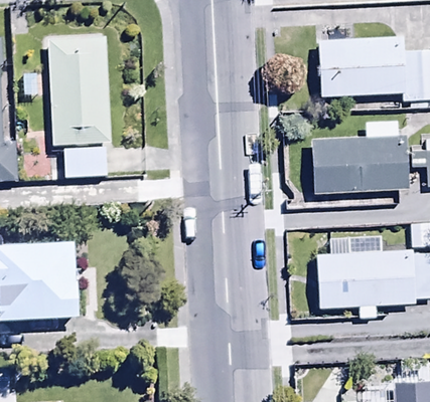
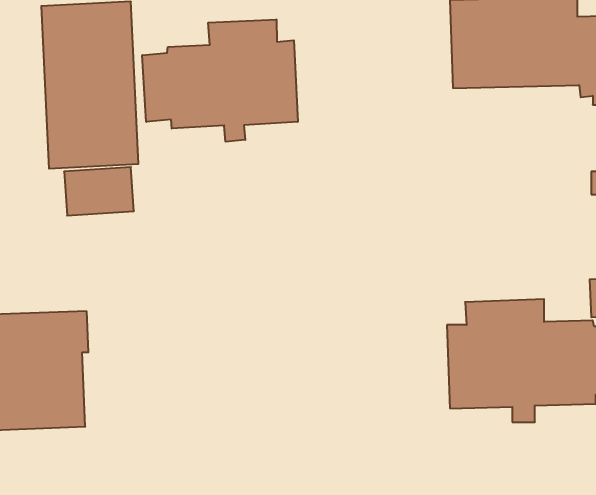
building: none -> [142,19,298,142]
building: [312,120,408,194] -> none

